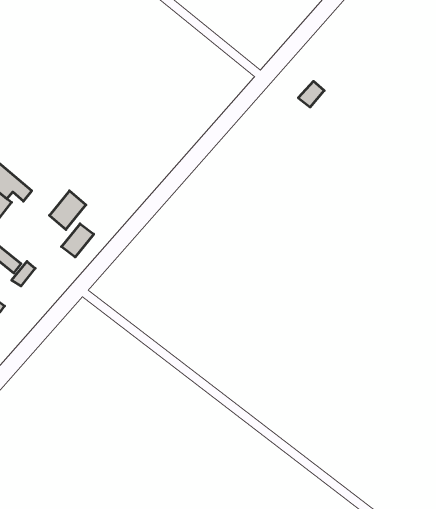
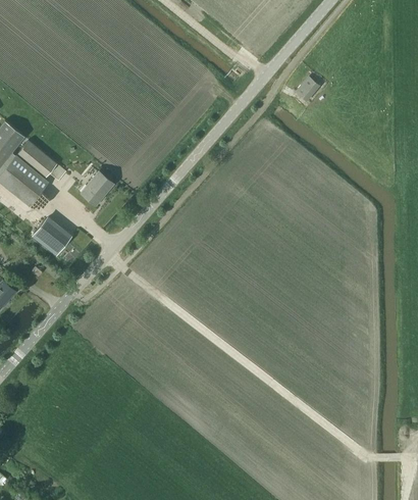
building: [61,224,94,257] -> none

